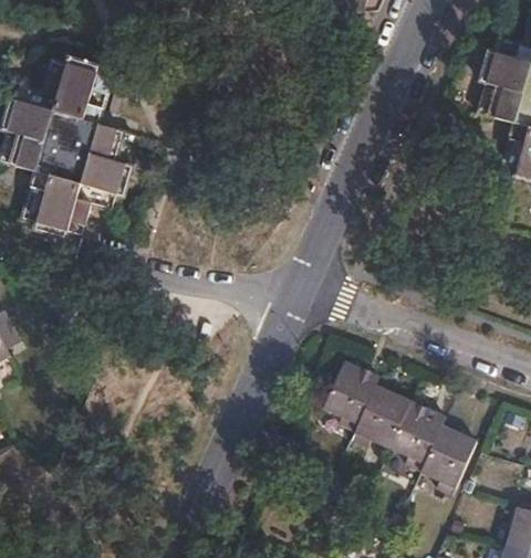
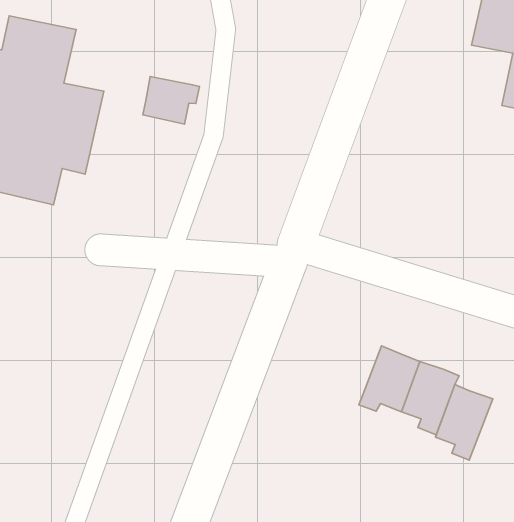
building: none -> [143,76,200,124]
building: [324,360,381,430] -> none

